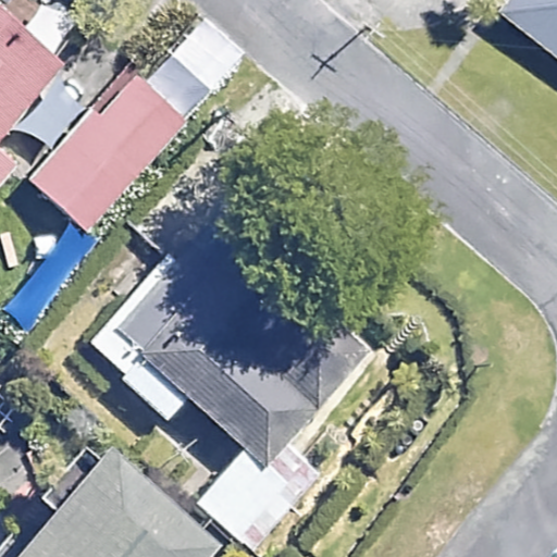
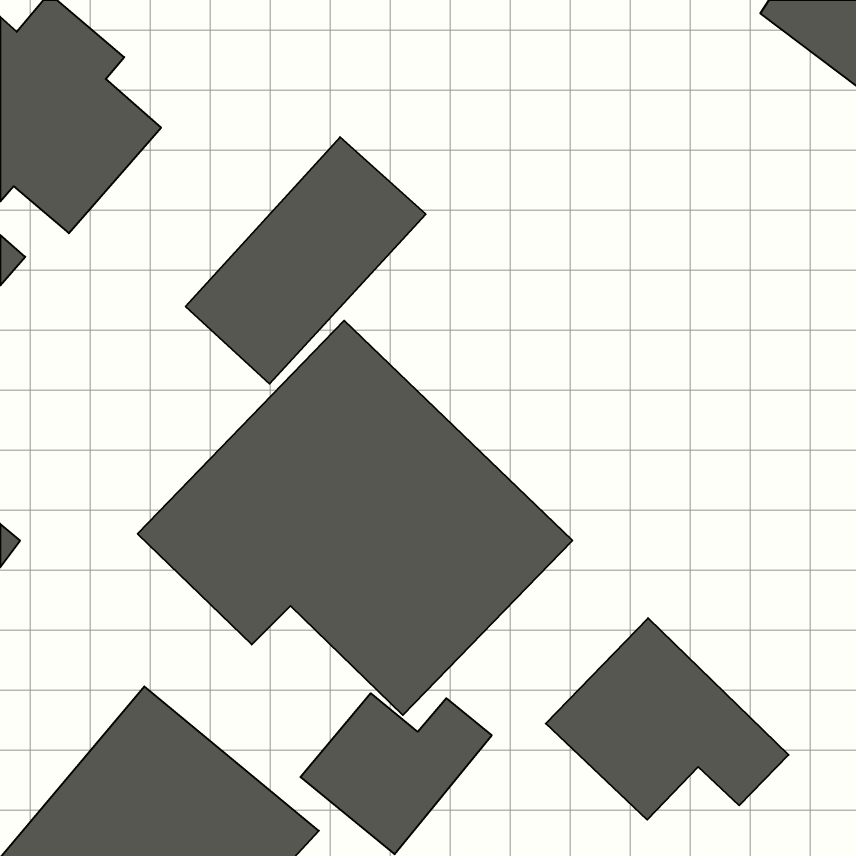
building: [28,71,184,231] -> [186,137,426,384]
building: none -> [546,618,789,820]

